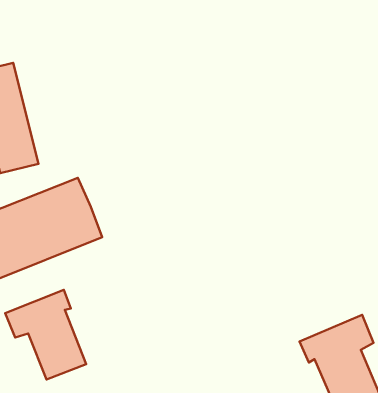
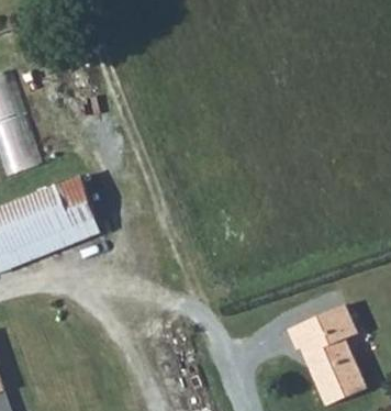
building: [5,290,86,379] -> none

